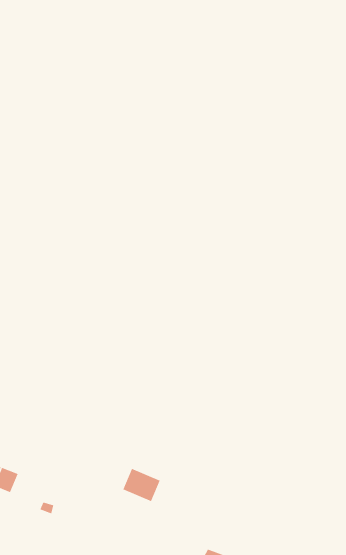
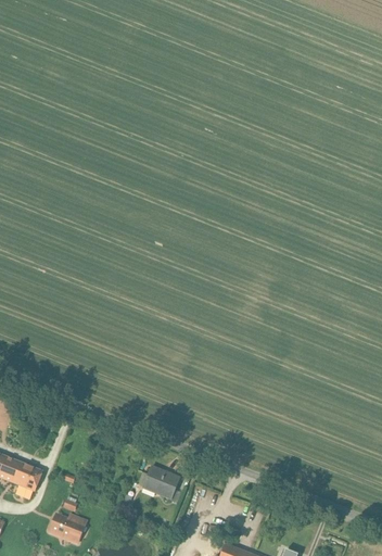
building: none -> [49,513,84,541]

